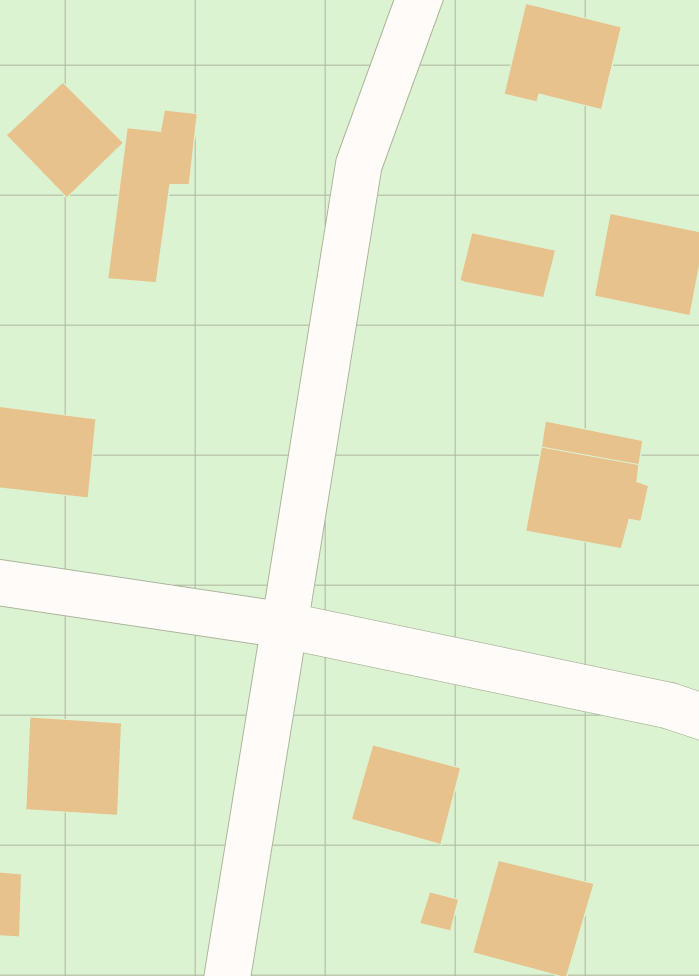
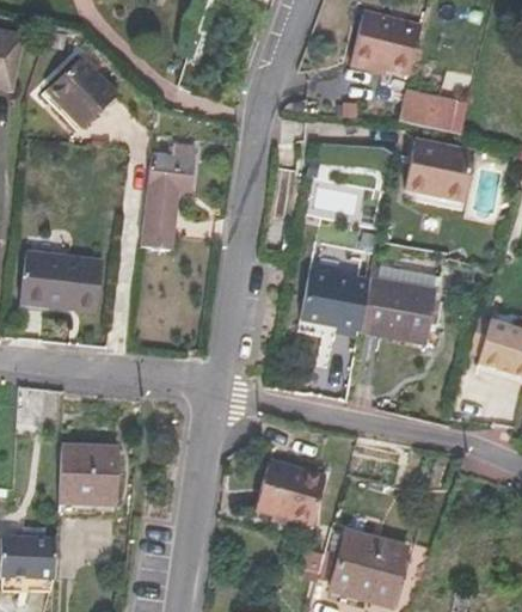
building: [107,110,198,283] -> [140,145,195,250]
building: [460,233,556,297] -> [399,91,457,130]
building: none -> [301,270,370,330]

